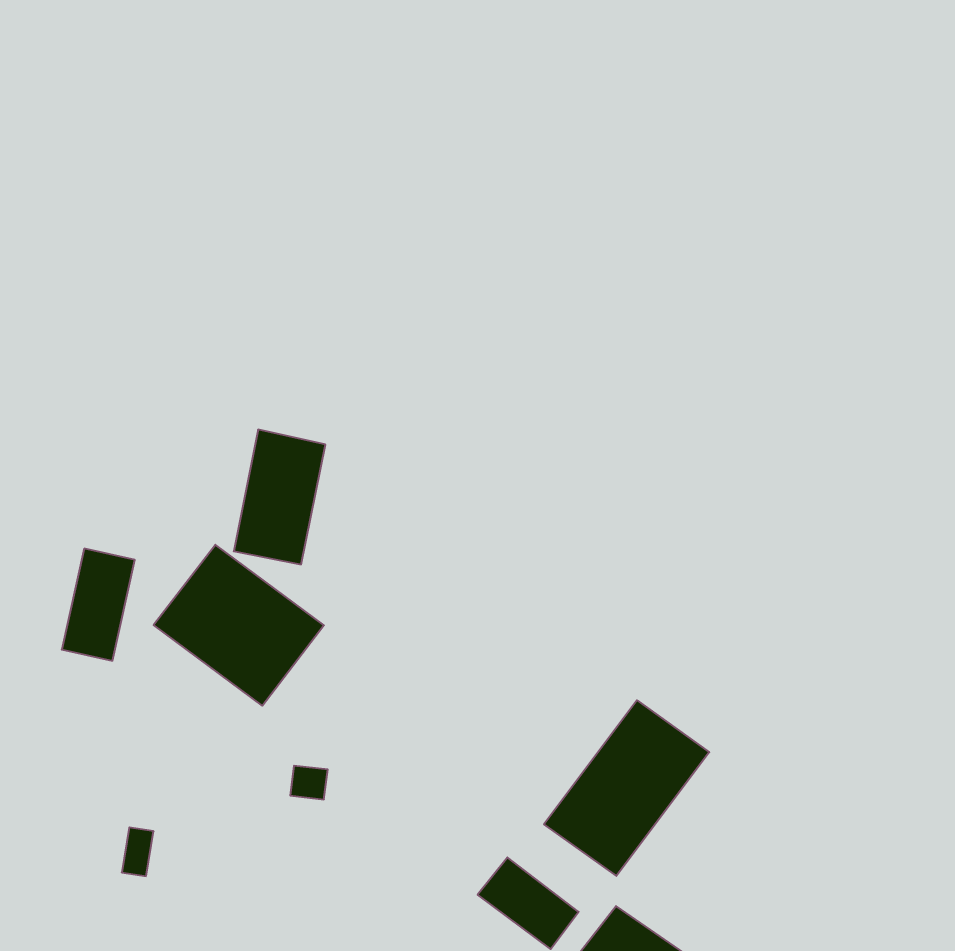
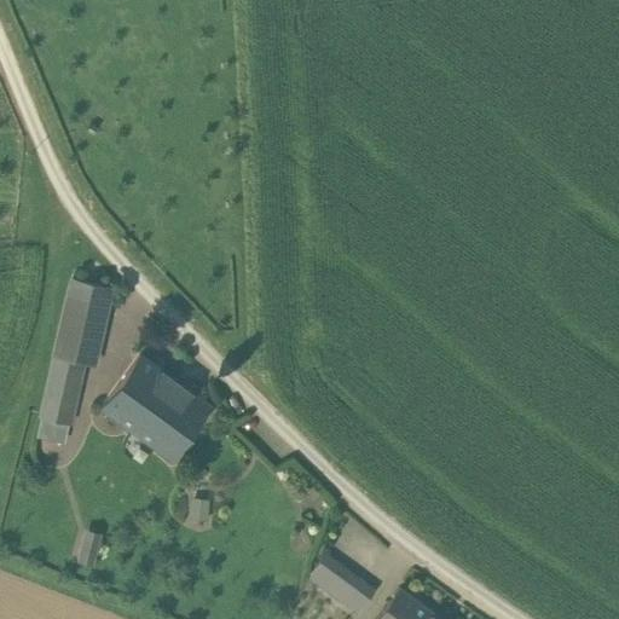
building: [234,430,325,564] -> [54,279,114,366]
building: [544,700,709,876] -> none

